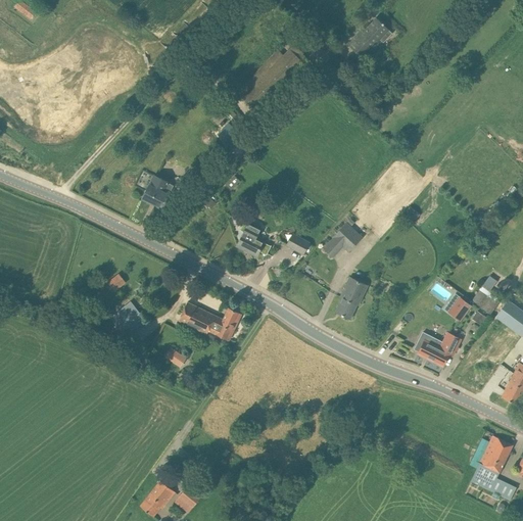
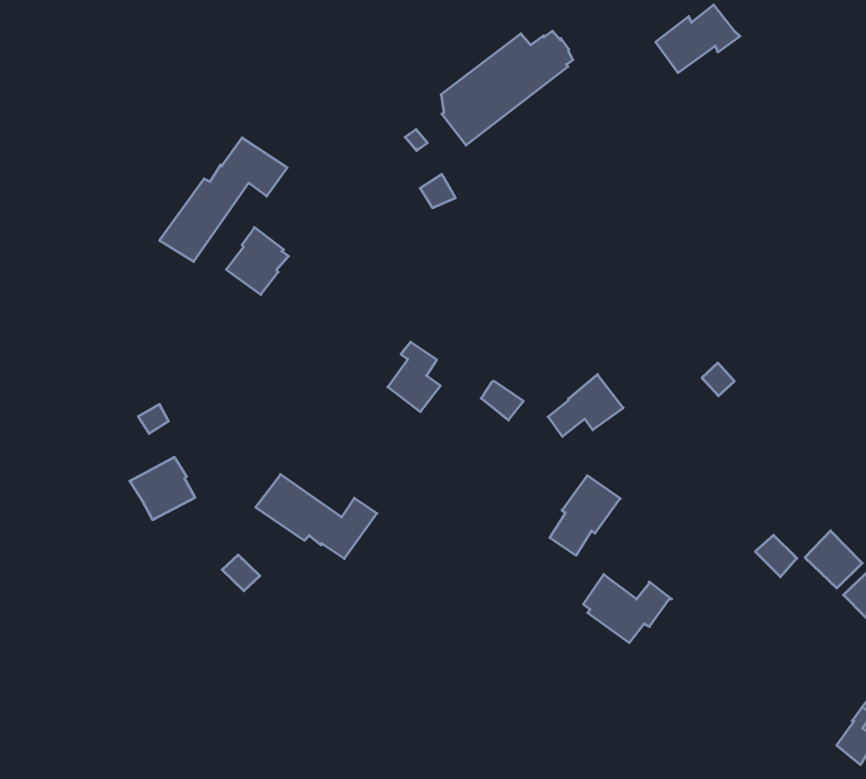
building: none -> [160,138,287,262]
building: [415,332,461,366] -> [583,574,672,643]

